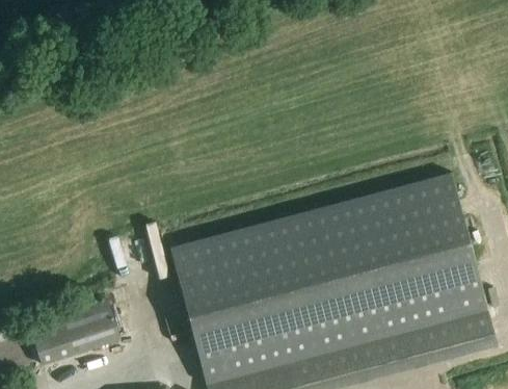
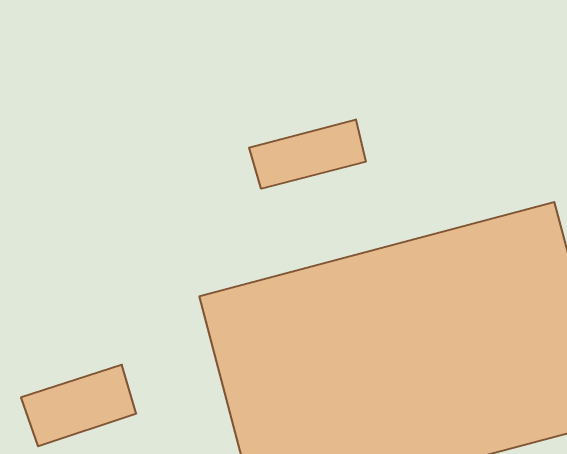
building: none -> [249,119,366,189]

